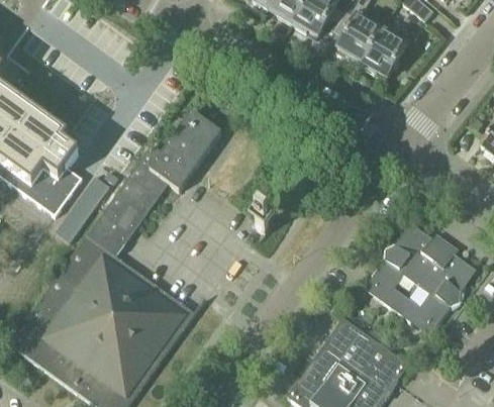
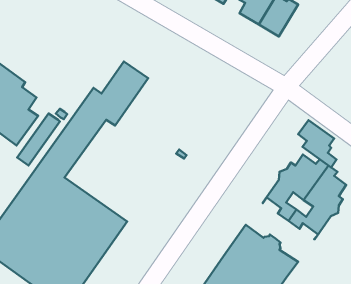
building: none -> [298,120,337,167]

